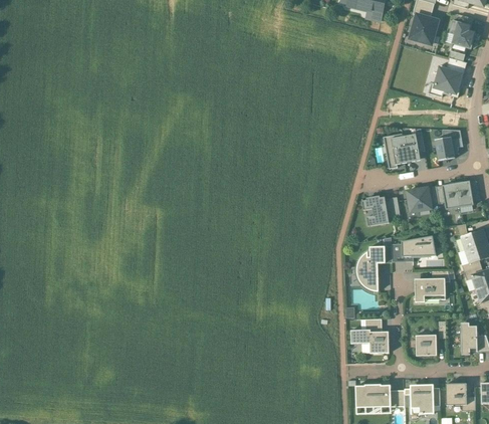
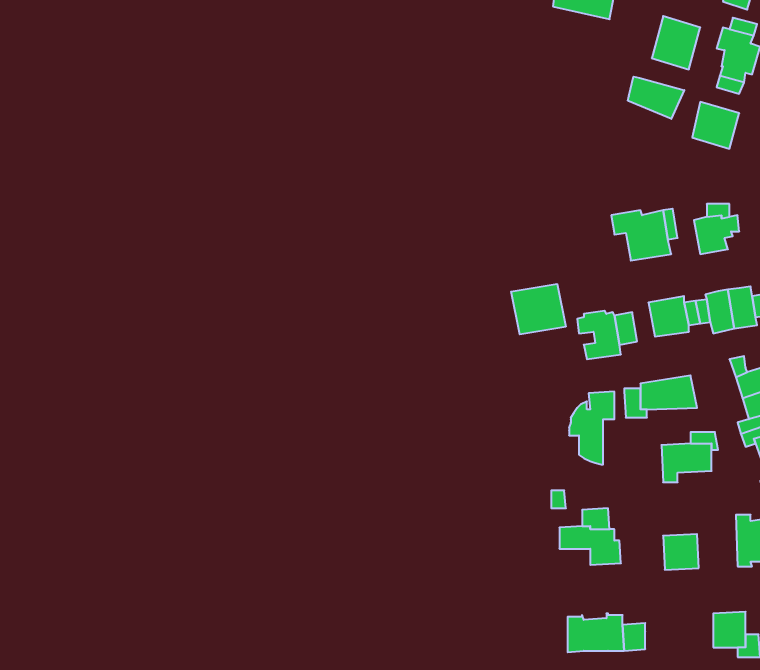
building: none -> [628,77,684,119]
building: none -> [511,284,566,334]
building: [410,388,434,414] -> none

